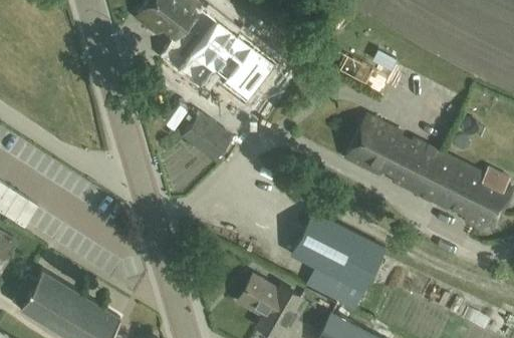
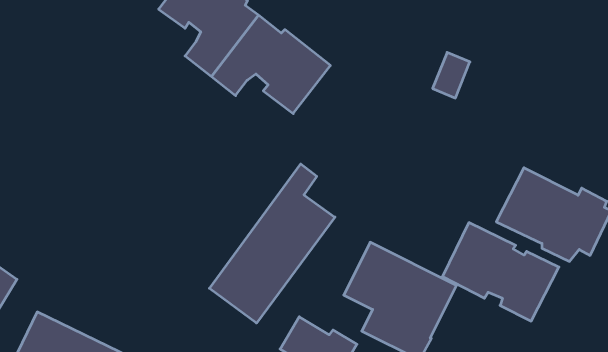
building: [184,112,233,158] -> none
building: [344,112,442,195] -> [442,223,559,321]
building: none -> [209,164,335,323]

